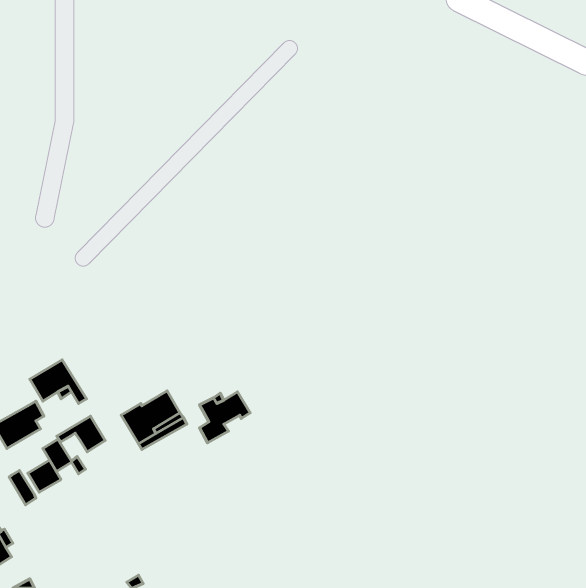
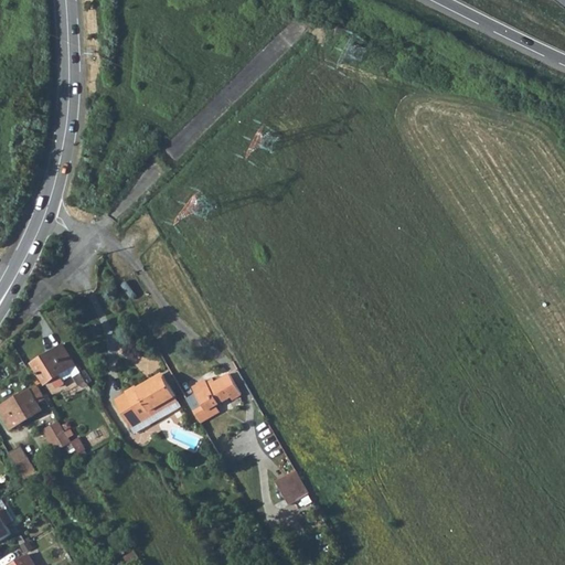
building: [57,416,105,452] -> none
building: [28,460,61,492] -> none
building: none -> [273,470,306,504]

